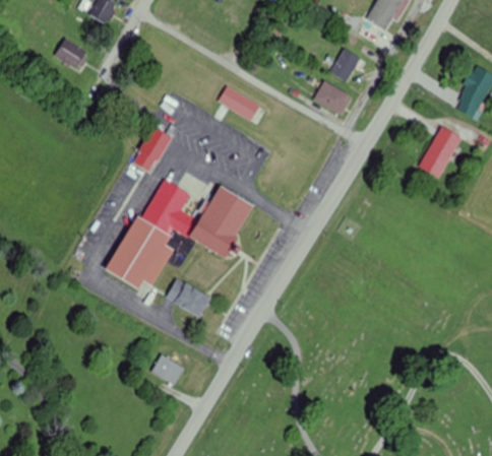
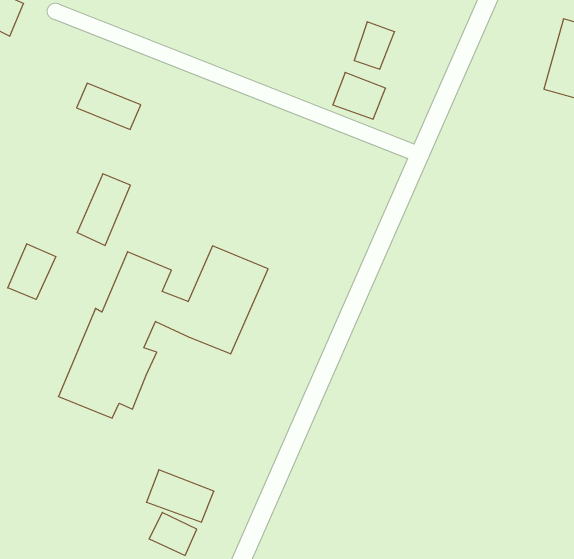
building: [214,85,257,120] -> [77,83,141,129]
building: [419,126,463,178] -> none
building: none -> [8,244,56,299]
building: [165,277,210,316] -> [146,470,214,522]

